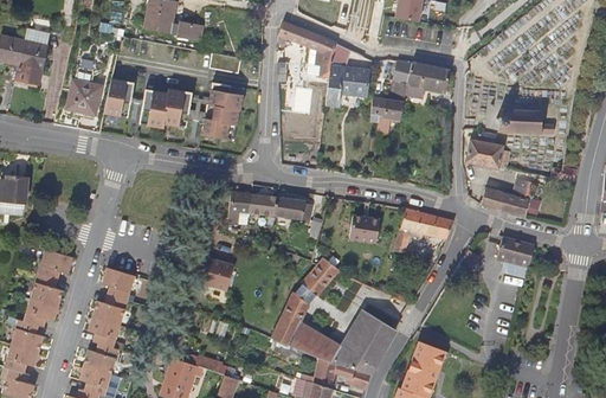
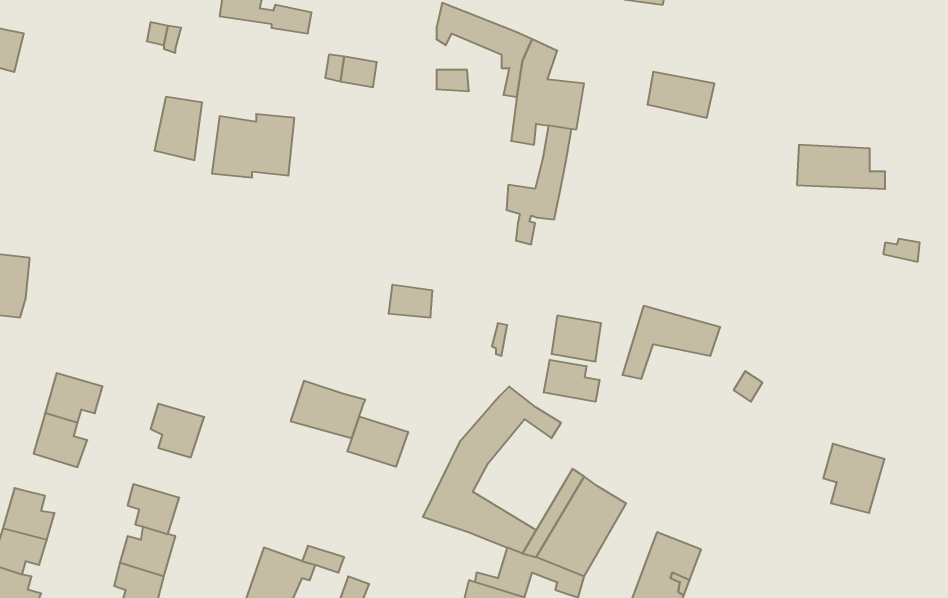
building: [15,27,47,83] -> none
building: [372,60,412,134] -> [506,125,572,244]
building: [66,70,99,114] -> none
building: [202,82,243,139] -> none
building: [466,130,510,169] -> none
building: [481,179,535,218] -> none
building: [227,192,251,224] -> none
building: [275,198,312,220] -> none
building: [497,236,535,278] -> [823,444,885,513]
building: none -> [544,360,600,402]
building: none -> [347,417,408,467]
building: [91,295,127,326] -> none
building: [22,298,57,327] -> none

